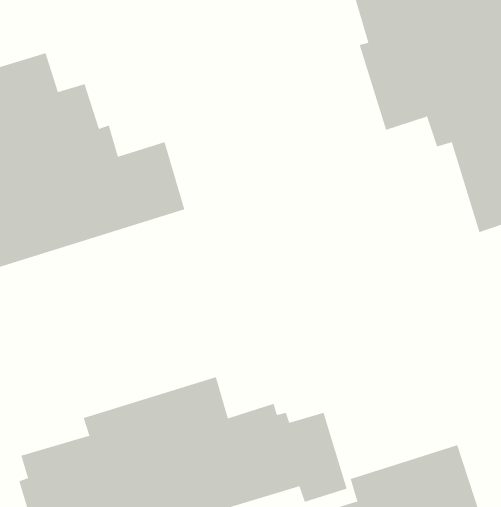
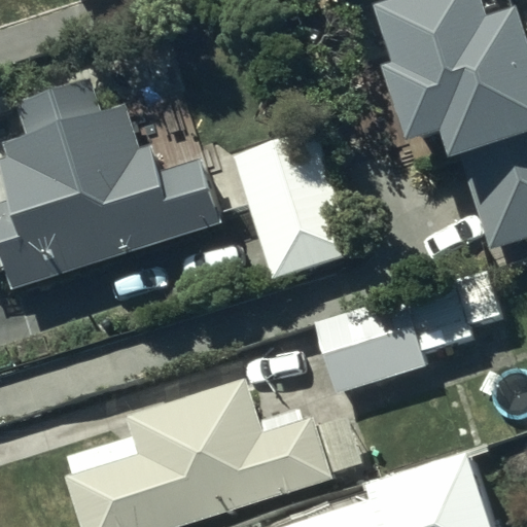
building: none -> [232,129,354,280]
building: none -> [311,269,502,394]

